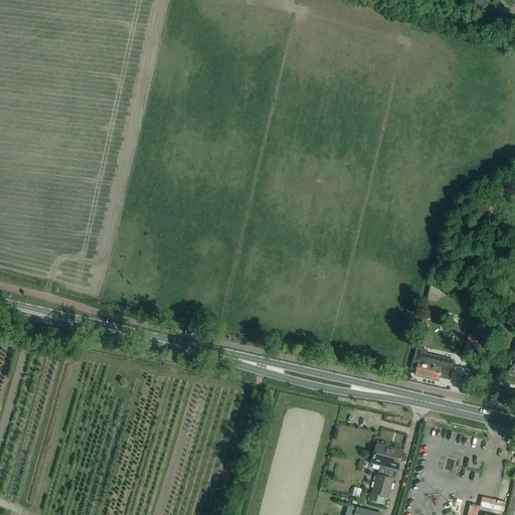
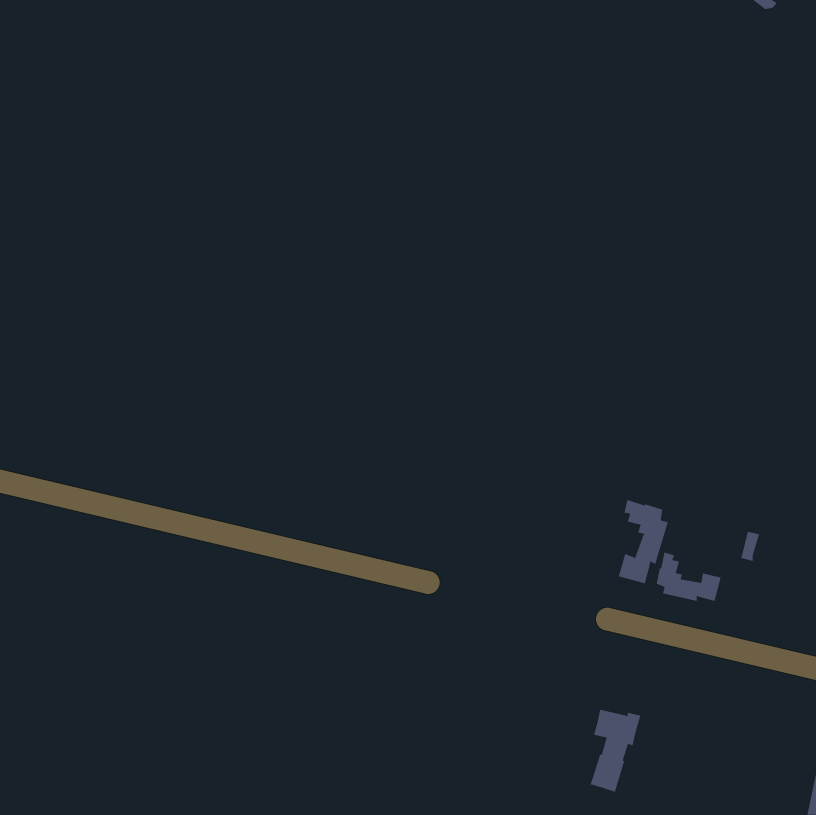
building: none -> [618,499,668,584]

